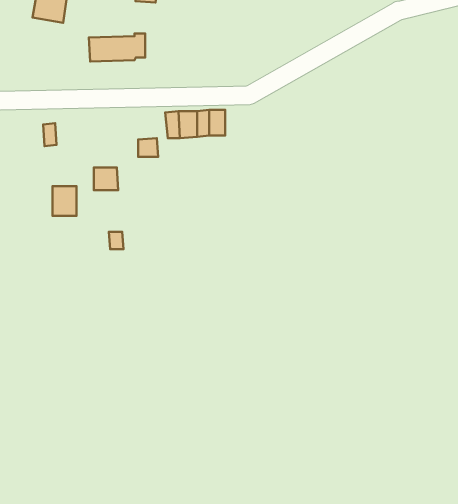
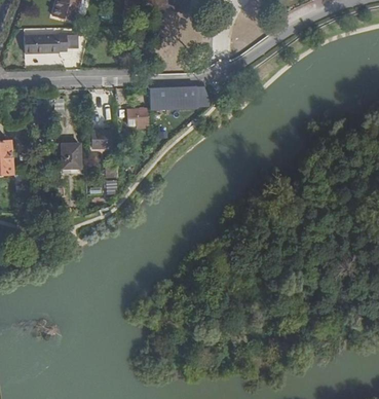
building: [89,33,145,62] -> [31,37,74,59]

